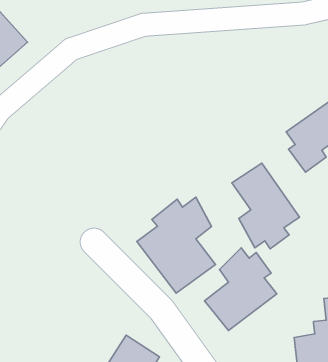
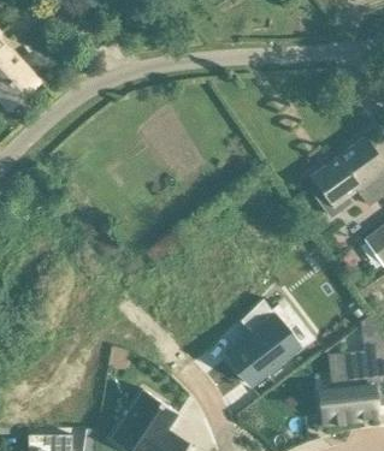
building: [232,163,299,249] -> none
building: [137,197,216,293] -> none

